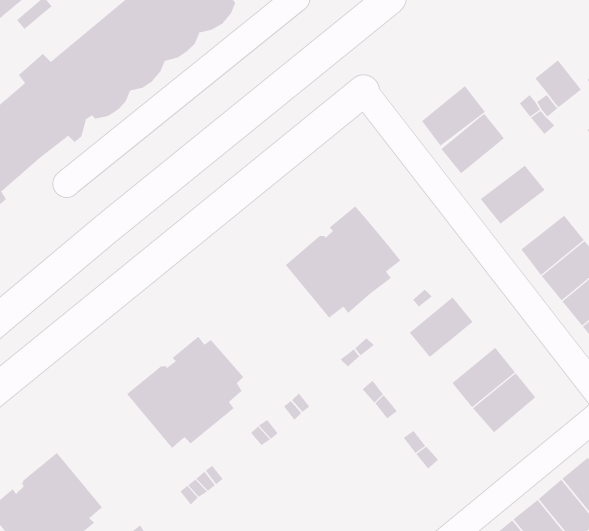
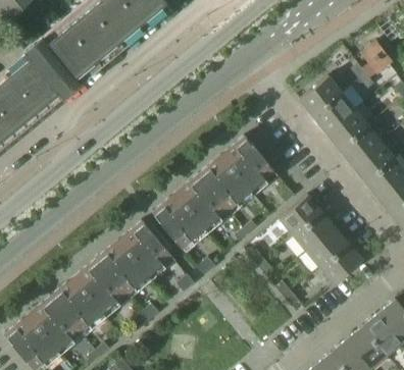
building: [421,85,486,146] -> [313,92,355,131]
building: none -> [339,125,381,164]
building: none -> [153,174,228,248]
building: none -> [293,211,336,251]
building: none -> [51,258,125,331]

